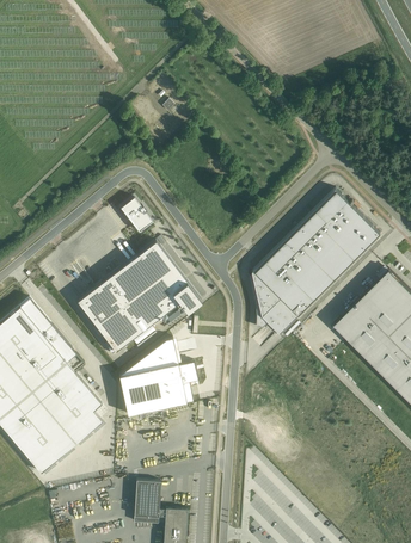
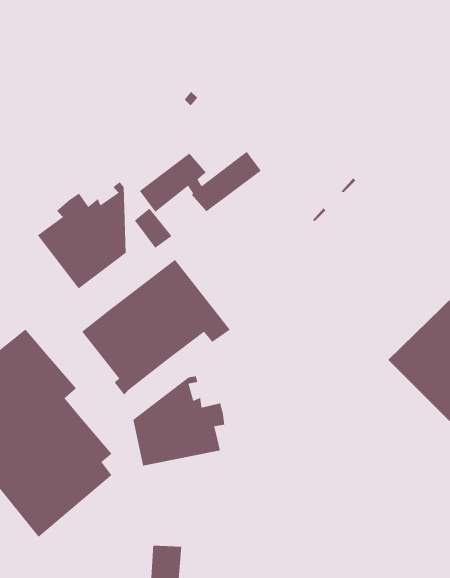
building: none -> [139,151,262,213]
building: none -> [37,181,127,289]
building: [249,190,380,334] -> none

